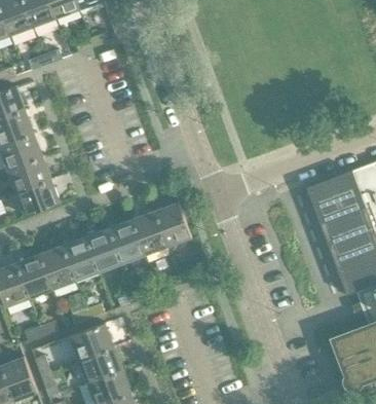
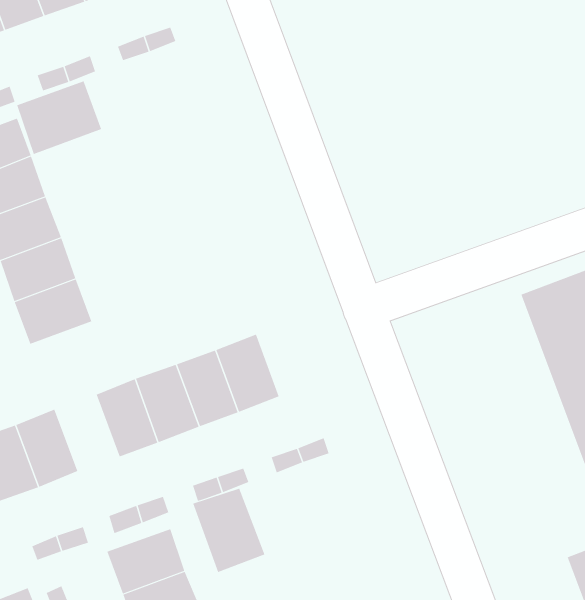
building: none -> [17,80,102,155]
building: [154,203,191,247] -> none
building: [38,246,75,290] -> none
building: none -> [193,488,265,573]

